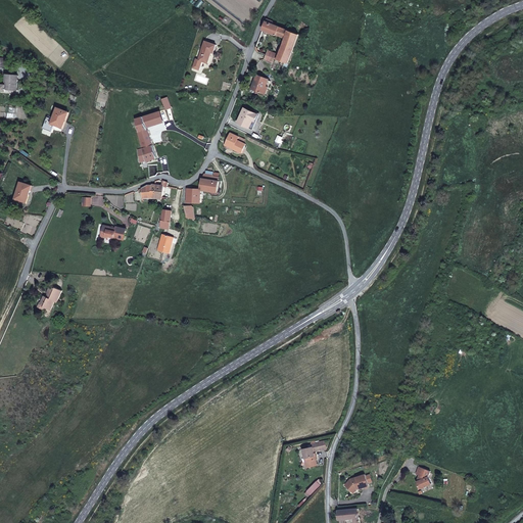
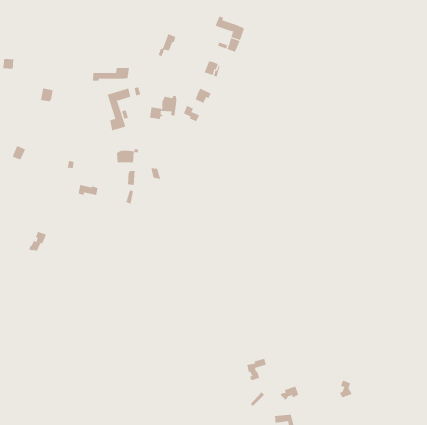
building: none -> [93,67,129,82]
building: [186,175,221,204] -> [149,95,178,119]

